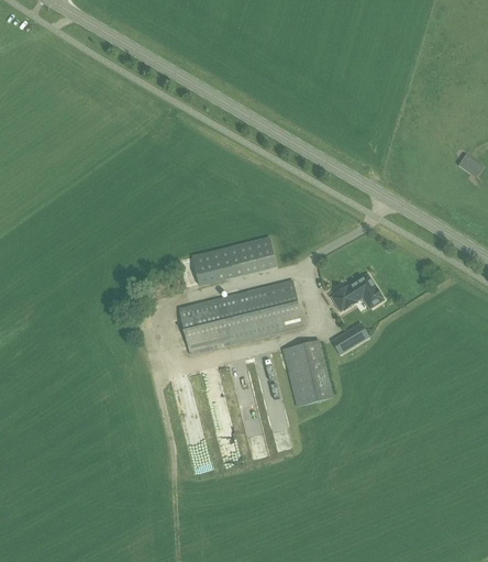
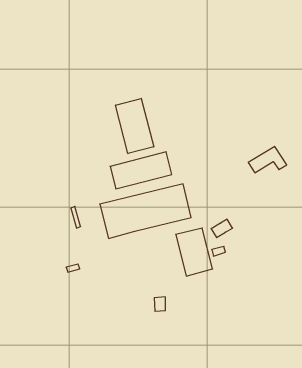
building: none -> [116,98,154,154]
building: [330,274,382,310] -> [248,146,287,173]

